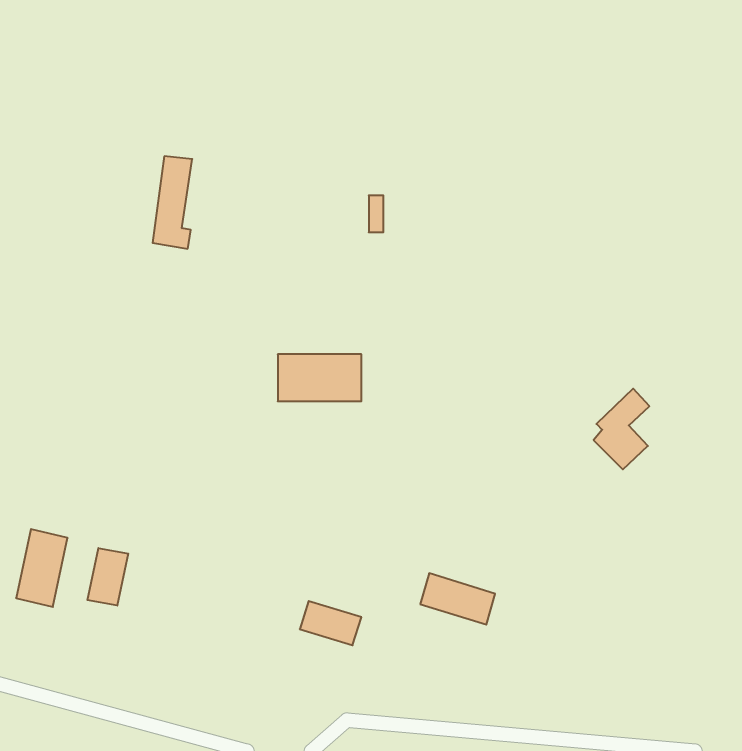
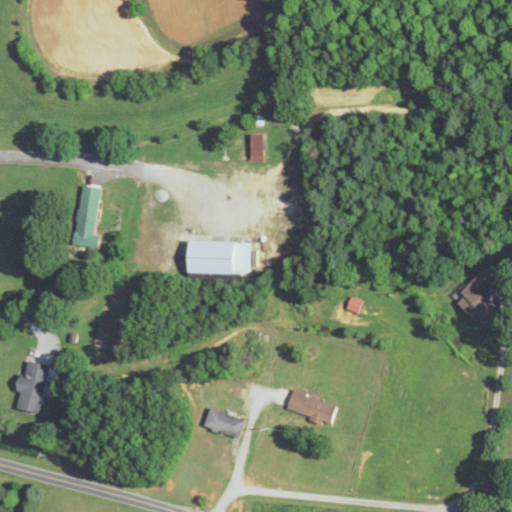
building: [153,156,192,249] -> [73,185,100,248]
building: [594,389,649,469] -> [458,268,496,323]
building: [87,548,128,606] -> none

